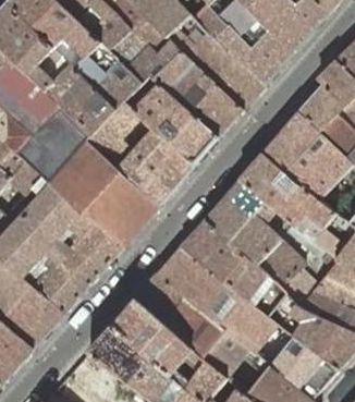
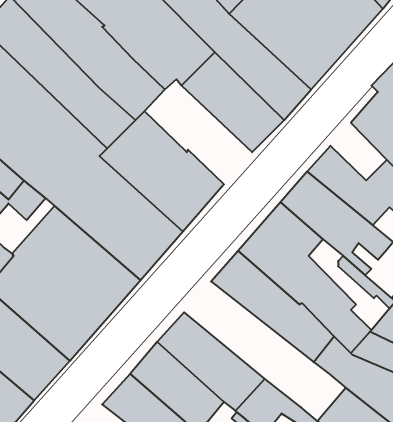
building: [125,74,217,163] -> none
building: [283,111,331,160] -> none
building: [159,246,282,353] -> none

